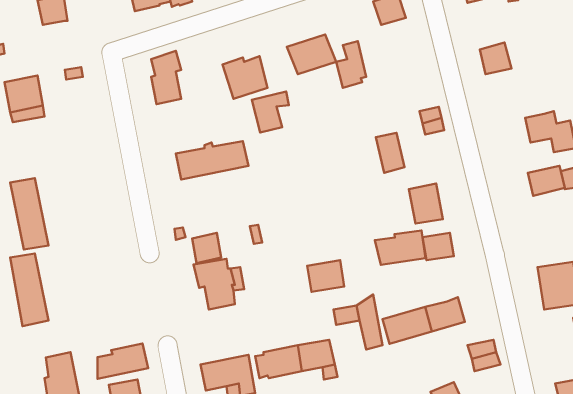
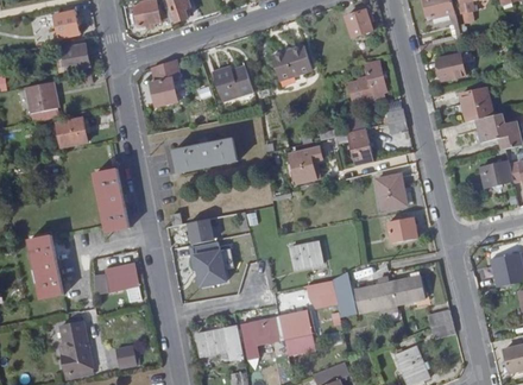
building: none -> [52,38,89,72]
building: [336,41,366,88] -> [359,59,385,100]
building: none -> [460,86,493,120]
building: [252,91,289,133] -> [289,145,321,181]
building: none -> [56,118,87,146]
building: [10,178,48,249] -> [95,169,128,231]
building: [375,230,426,265] -> none
building: [97,343,148,379] -> [94,263,138,294]

